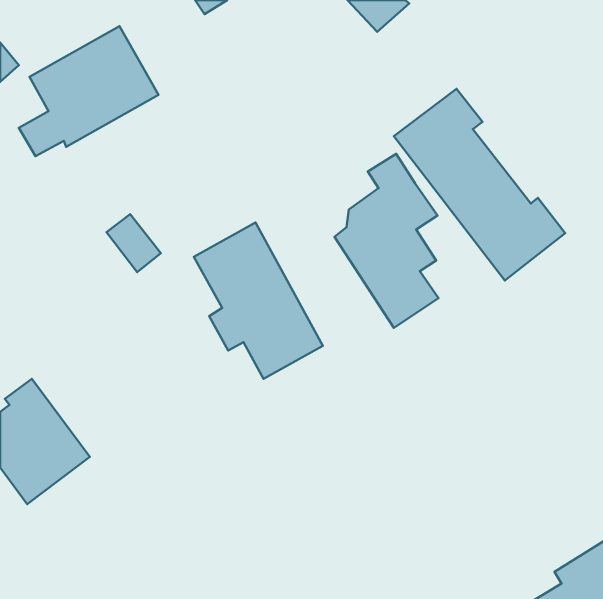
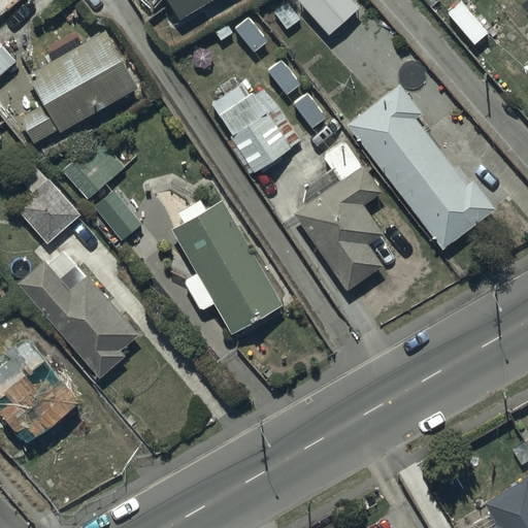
building: none -> [212,84,304,173]
building: none -> [62,138,126,202]
building: none -> [11,177,84,245]
building: none -> [18,261,139,381]

